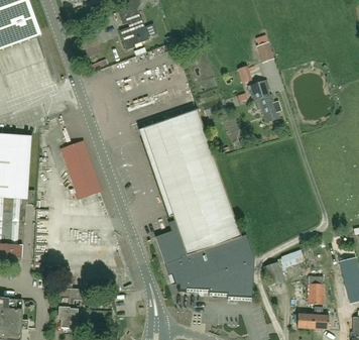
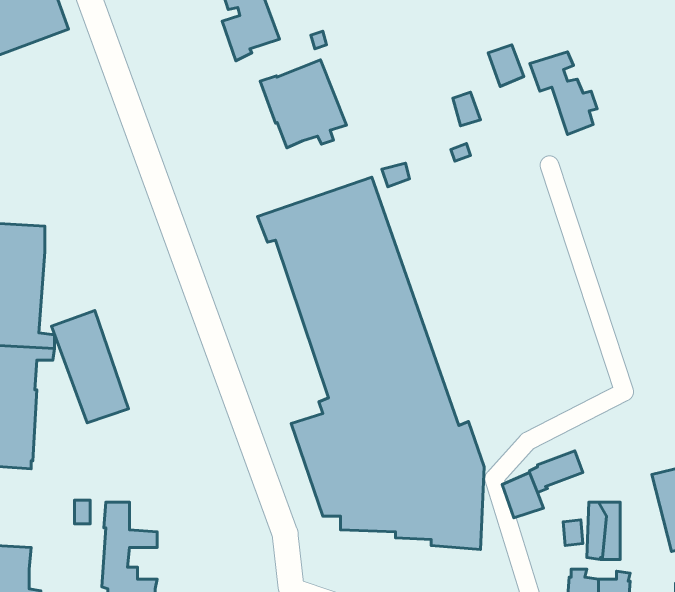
building: none -> [260,60,346,148]
building: [246,80,280,122] -> [530,52,597,134]
building: [61,140,100,198] -> [52,310,128,423]

